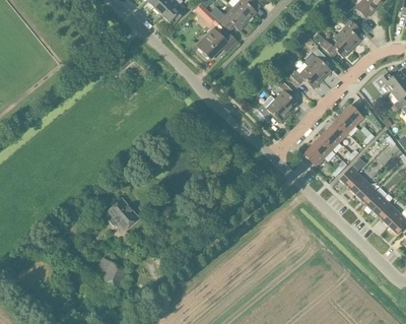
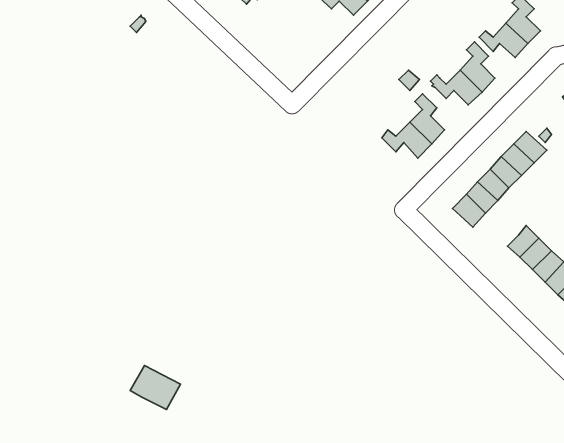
building: [196,27,236,59] -> none
building: [106,198,136,230] -> none

